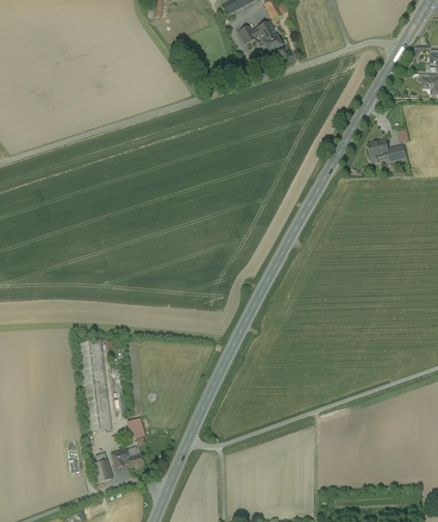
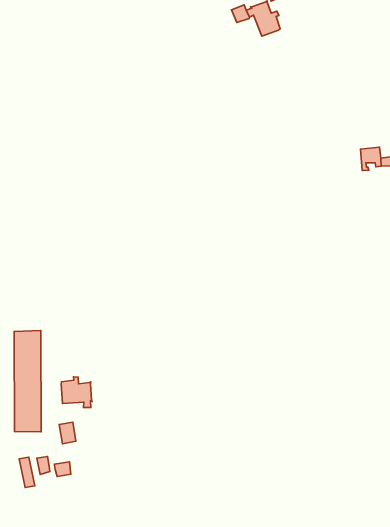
building: none -> [61,377,92,407]

